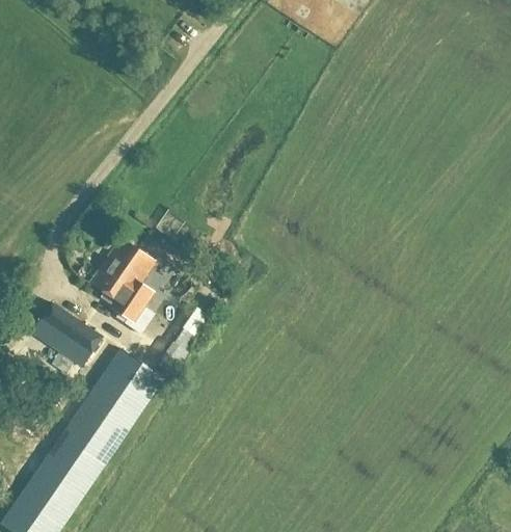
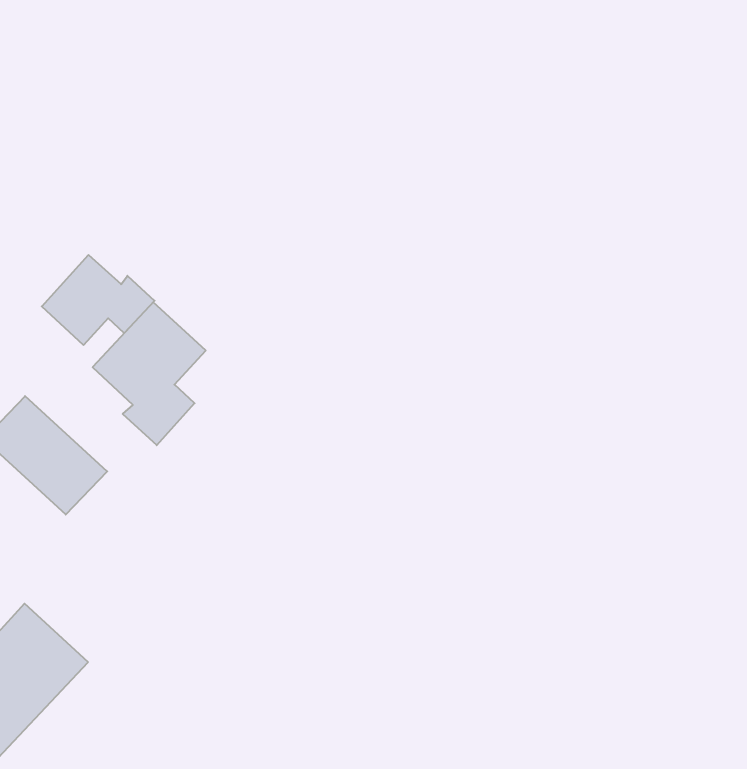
building: none -> [42,255,155,345]
building: [68,351,162,457] -> none

